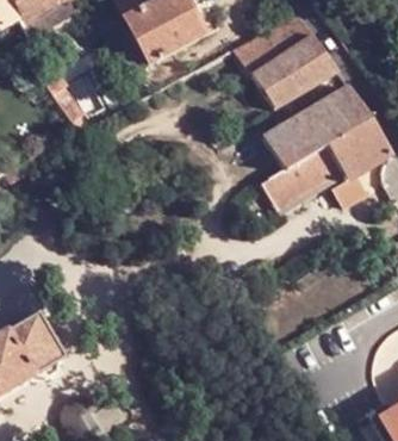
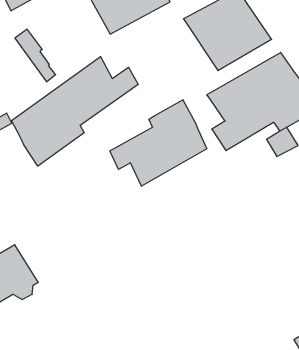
building: none -> [12,57,138,166]
building: none -> [110,100,207,186]

